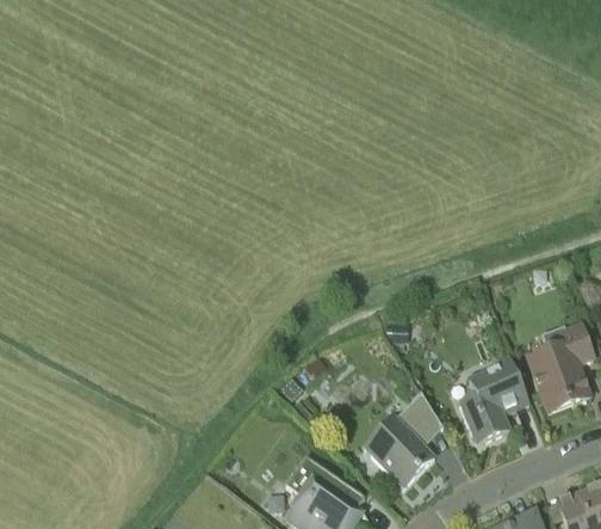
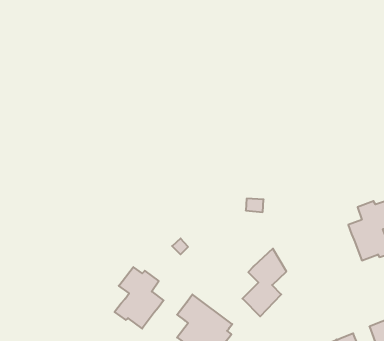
building: [459,357,527,443] -> none
building: none -> [115,267,164,329]

